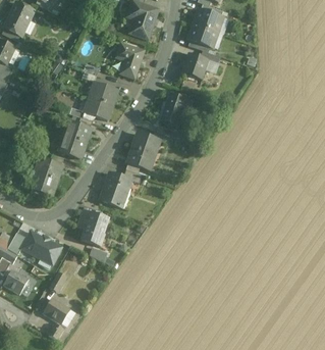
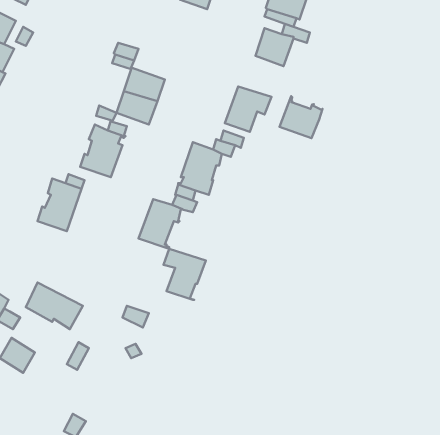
building: [117,43,144,79] -> none
building: none -> [279,96,322,138]
building: [78,209,108,245] -> [163,249,206,300]
building: [43,298,74,327] -> none

